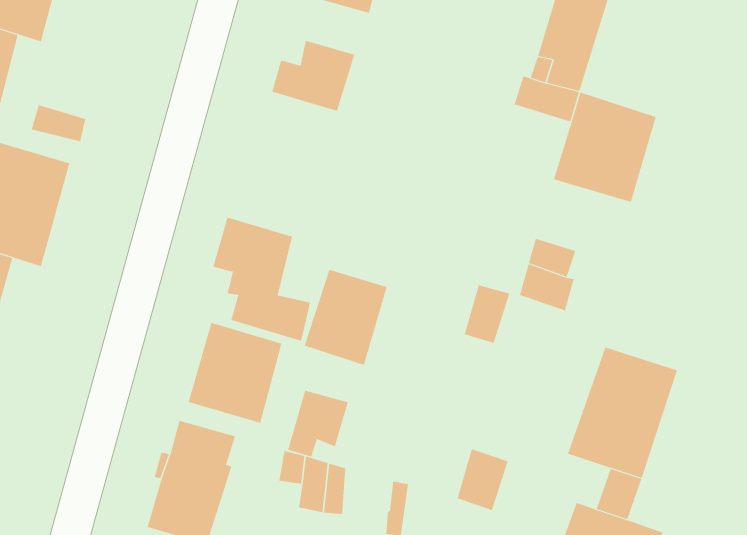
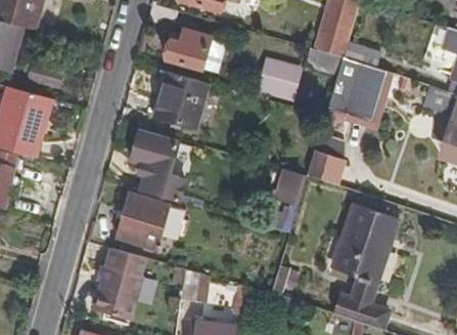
building: none -> [260,64,299,99]
building: [304,269,388,365] -> [159,74,208,129]
building: [287,390,349,458] -> none

